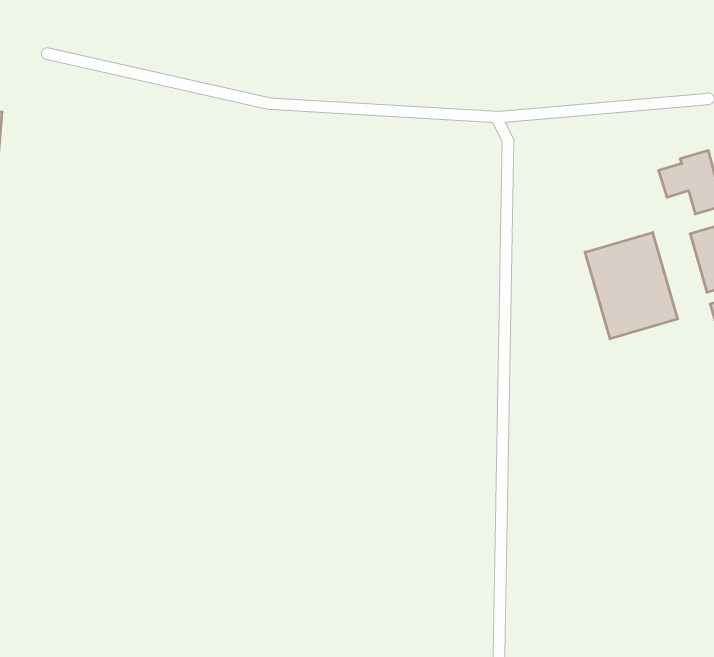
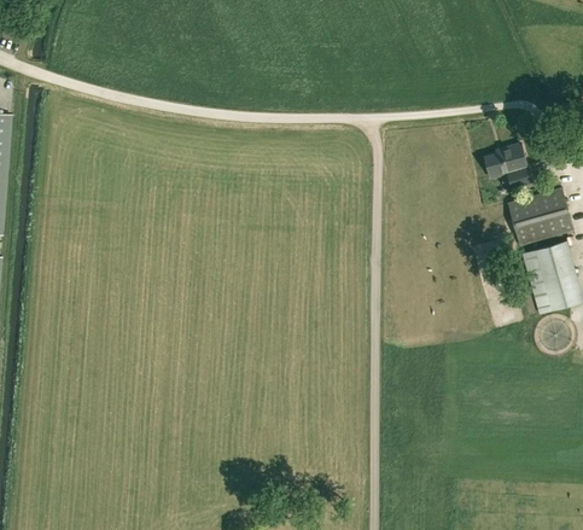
building: [585,232,678,339] -> none

